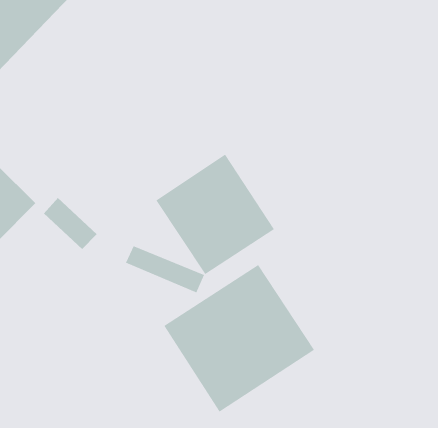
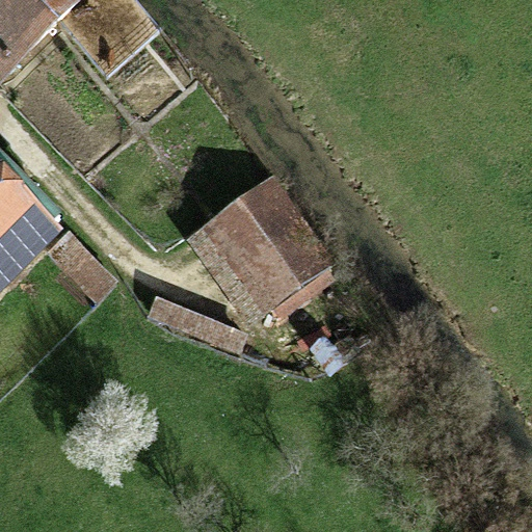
building: [164,264,315,413] -> none

